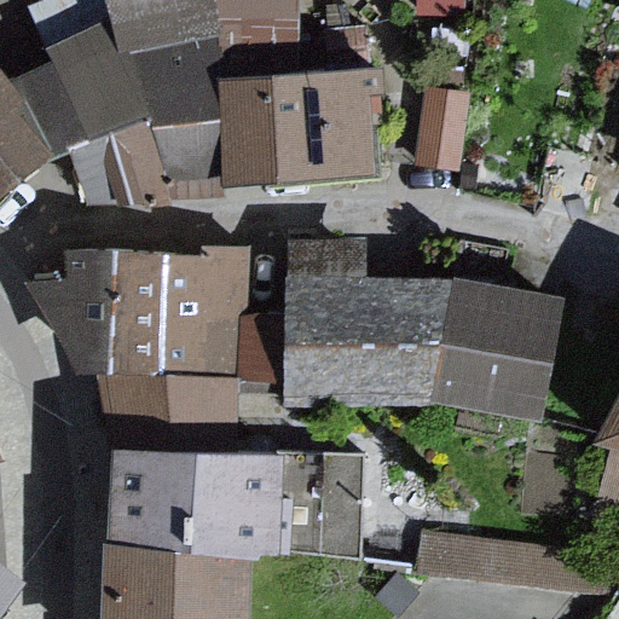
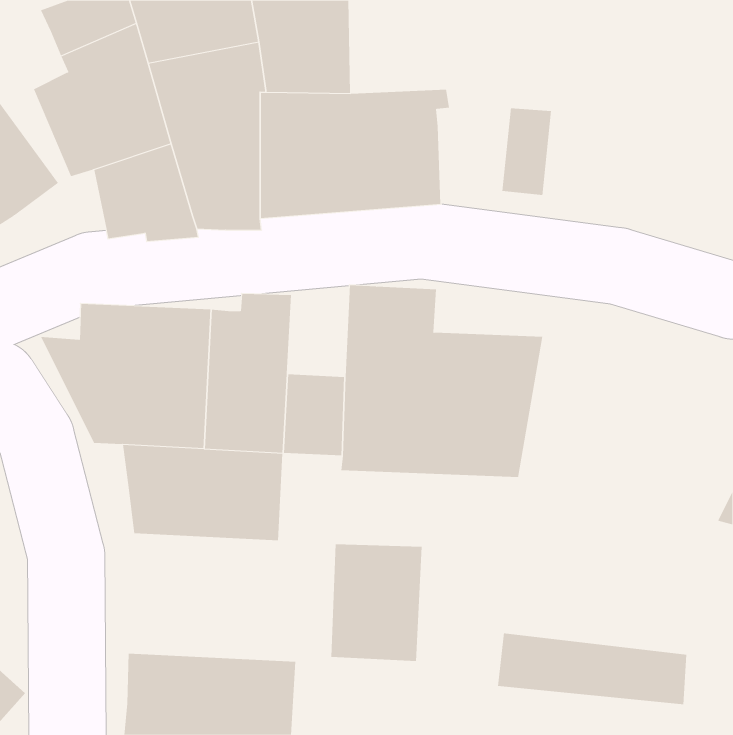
building: [436,283,559,418] -> none
building: [108,449,282,556] -> none

